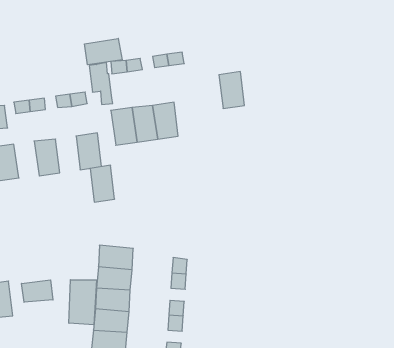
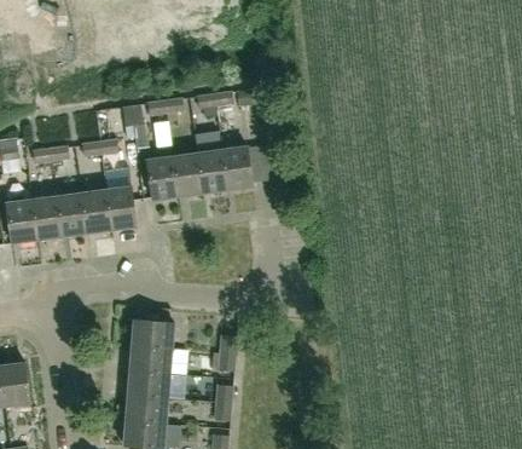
building: [85,38,122,65] -> none
building: [219,72,244,108] -> [221,146,251,190]
building: none -> [31,196,62,240]
building: [90,165,115,202] -> [81,190,110,234]
building: [69,280,97,325] -> none
building: [22,280,53,302] -> none

